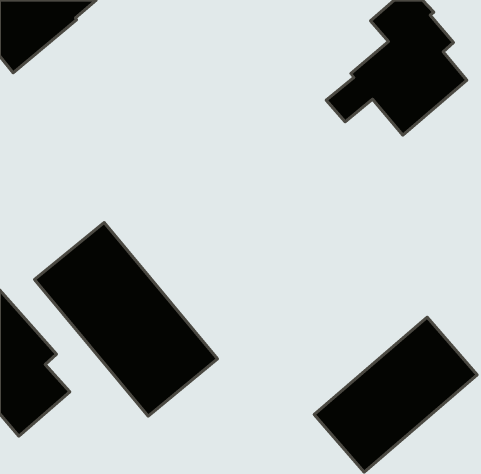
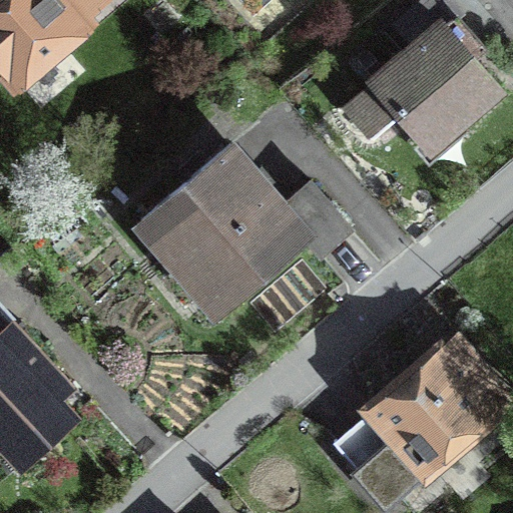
building: none -> [141,150,348,310]
building: [35,222,218,416] -> none

